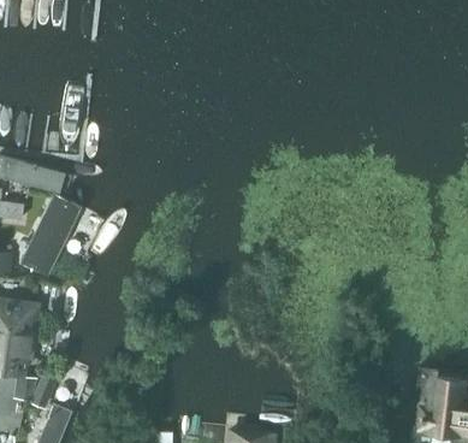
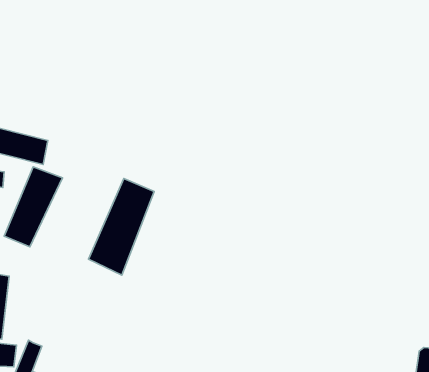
building: none -> [89,178,154,275]

